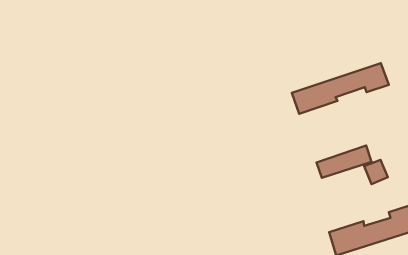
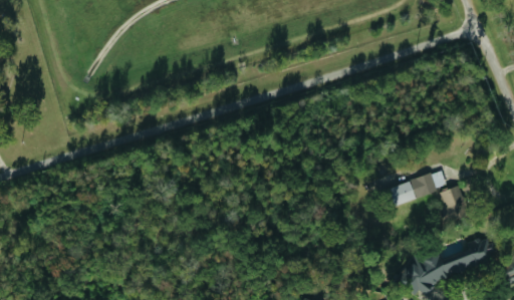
building: [292,63,389,114] -> none

